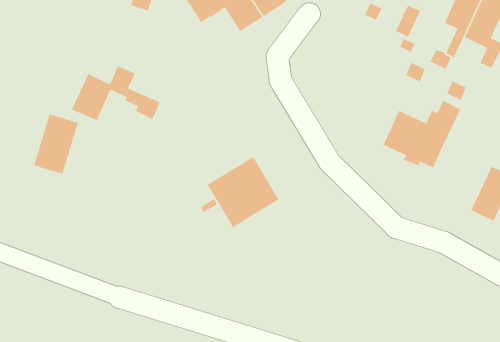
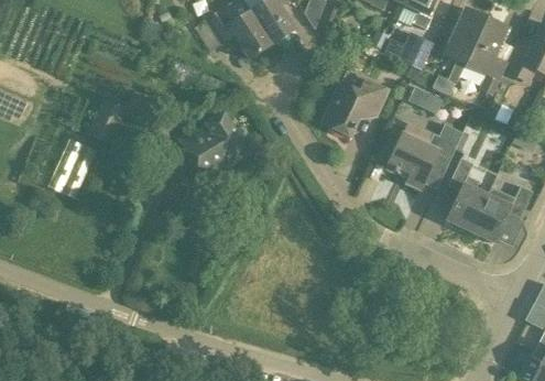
building: none -> [324,78,390,135]
building: none -> [447,157,489,230]
building: [207,156,280,228] -> [179,111,250,181]

